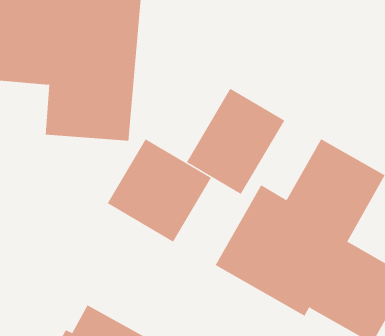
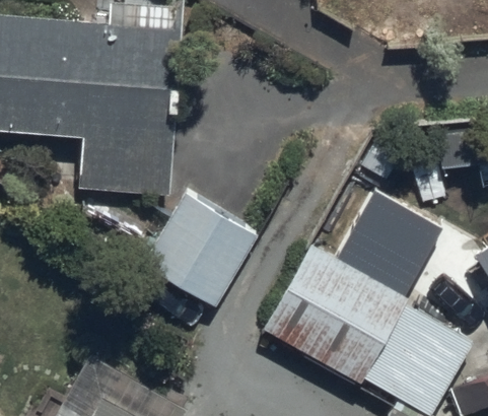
building: [186,88,285,195] -> none

